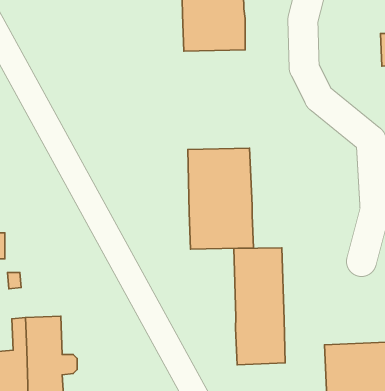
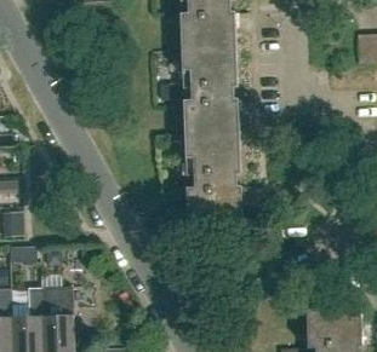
building: none -> [181,48,239,137]
building: [234,248,285,365] -> none

